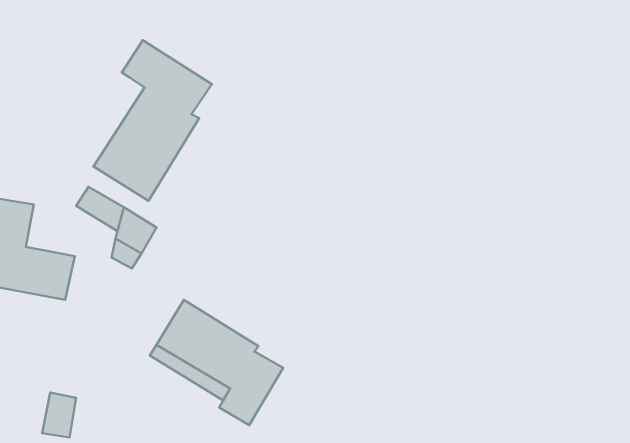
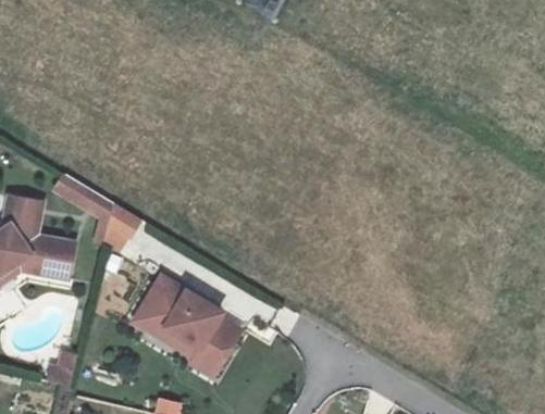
building: [94,40,212,201] -> none

